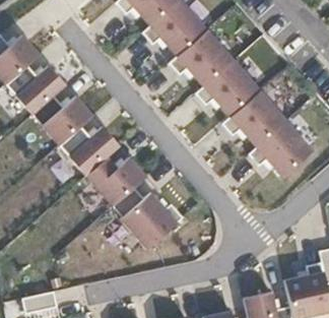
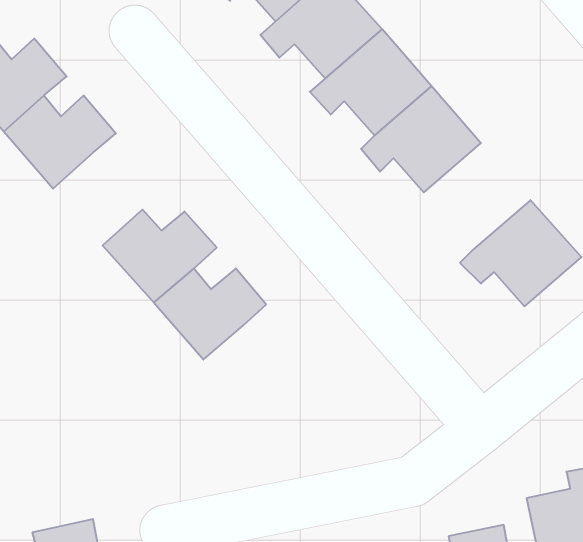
building: [222,89,286,146] -> none
building: [31,94,92,144] -> none
building: [112,187,182,248] -> none

